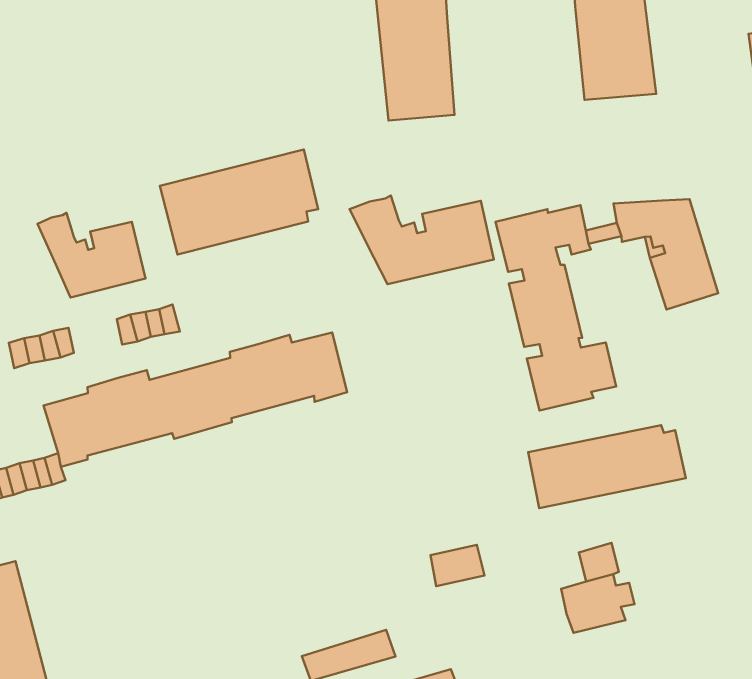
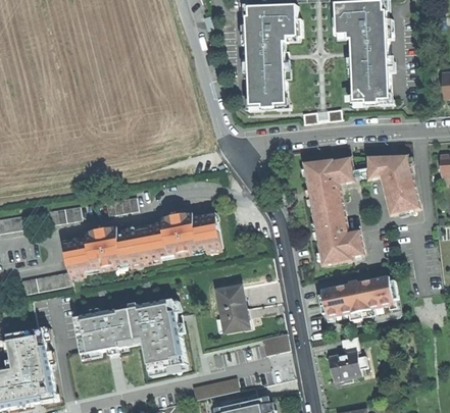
building: [160,149,318,254] -> none
building: [349,196,494,284] -> none
building: [37,213,146,297] -> none
building: none -> [216,287,248,332]
building: none -> [73,299,184,370]

